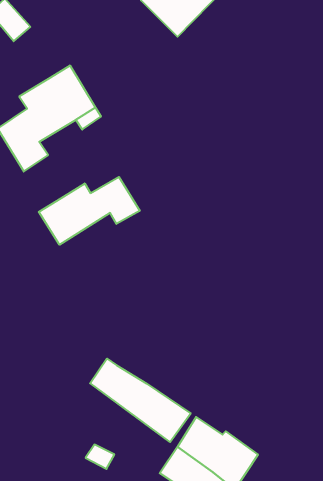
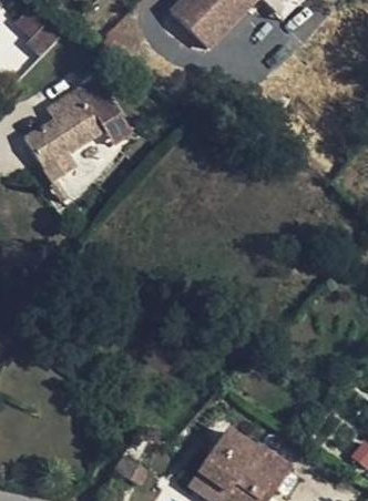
building: [39,177,140,245] -> none
building: [90,359,191,442] -> none

